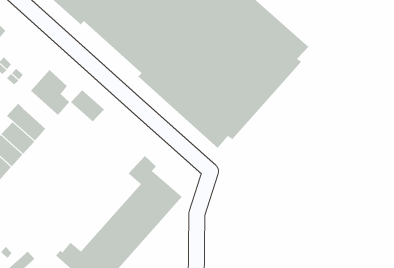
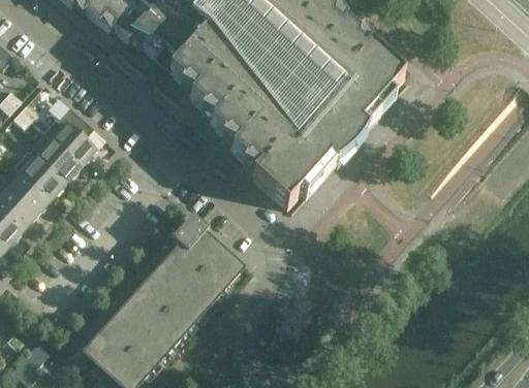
building: [70,89,105,122] -> [39,135,84,177]

